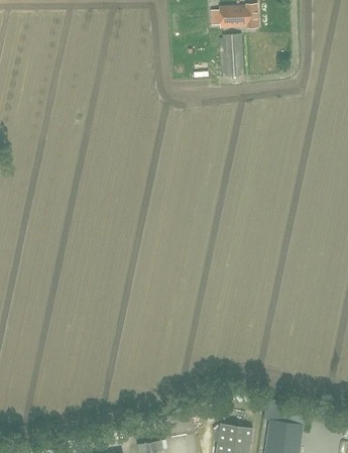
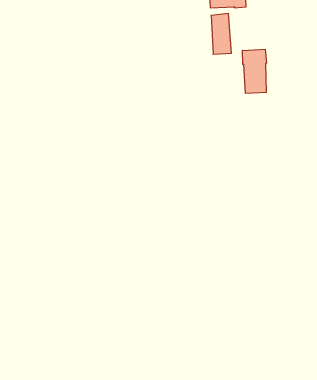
building: none -> [243,49,267,93]

